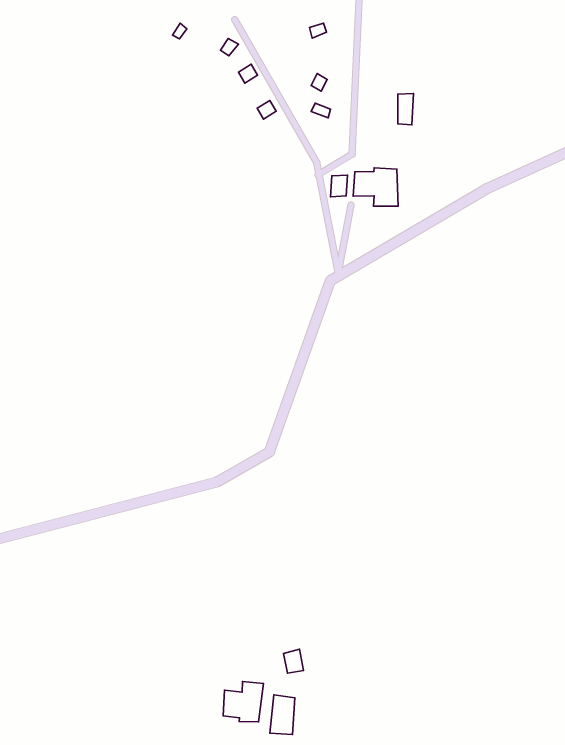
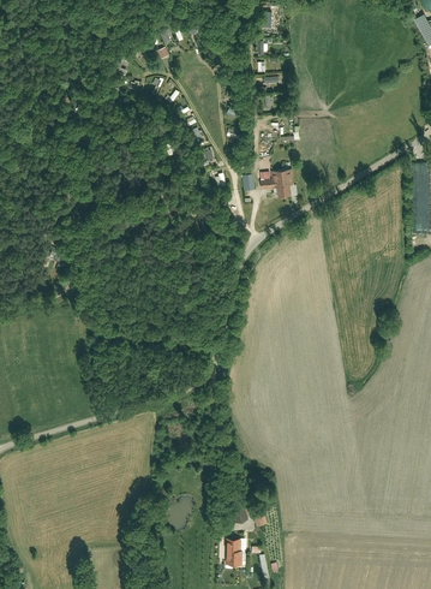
building: [223,681,263,722] -> none

